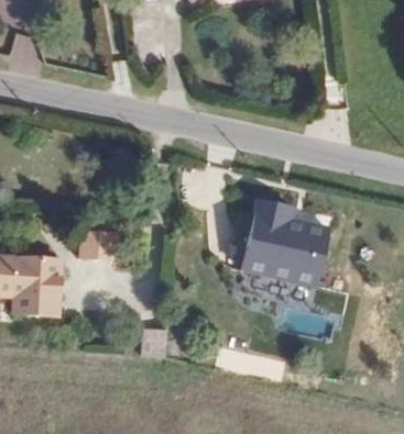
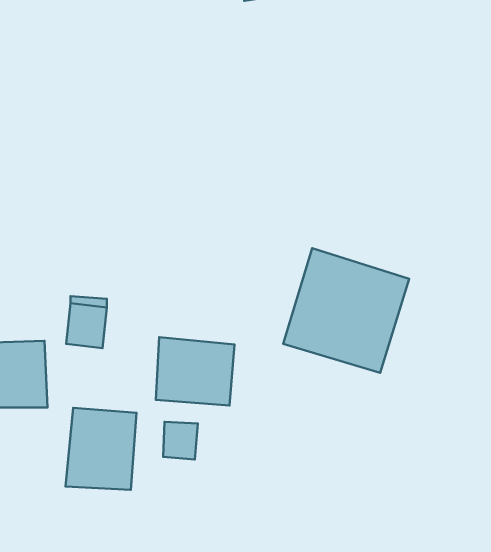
building: none -> [156,337,234,405]
building: none -> [66,408,136,490]

